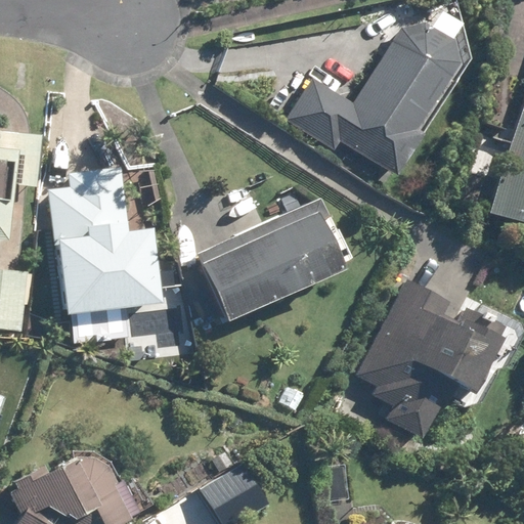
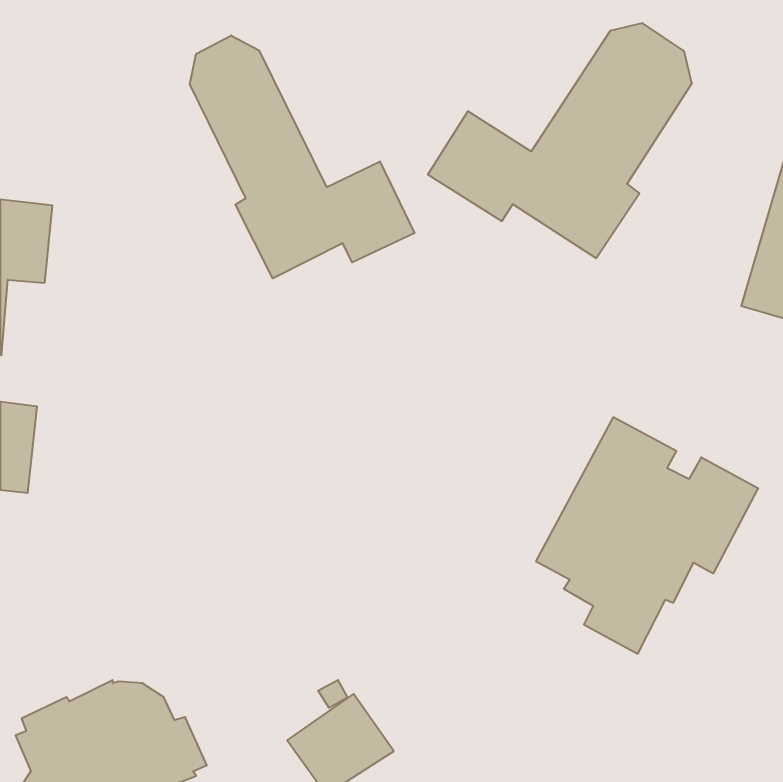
building: none -> [190,35,415,278]
building: [44,172,152,339] -> none
building: [189,201,336,320] -> none

